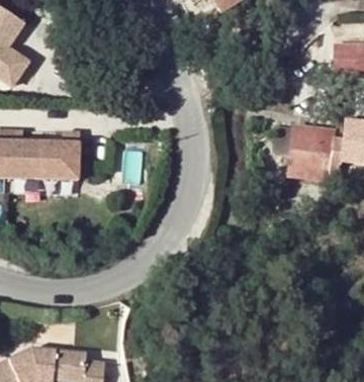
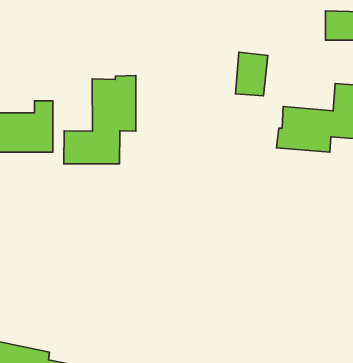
building: none -> [236,52,268,96]
building: none -> [64,75,136,164]

